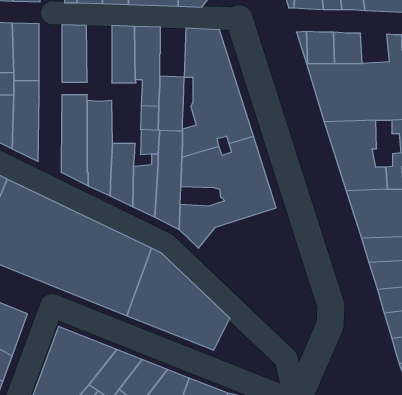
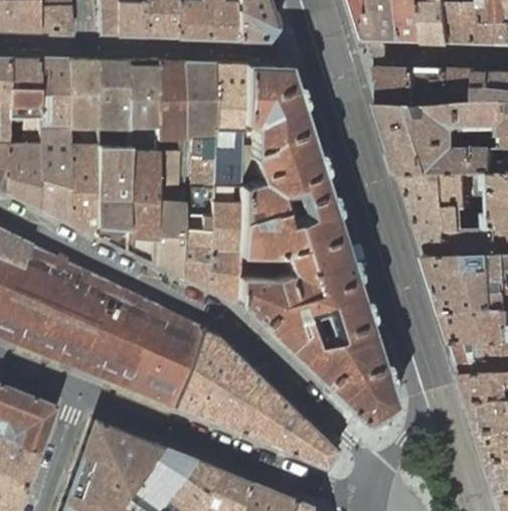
building: none -> [69,59,97,129]
building: none -> [126,59,156,152]
building: none -> [213,63,244,123]
building: none -> [453,70,487,107]
building: none -> [68,145,97,236]
building: none -> [156,151,178,202]
building: none -> [260,279,392,423]
building: none -> [278,410,337,468]

